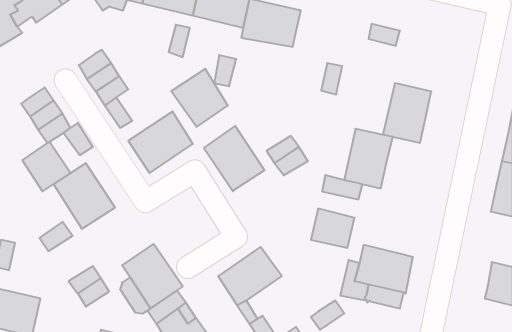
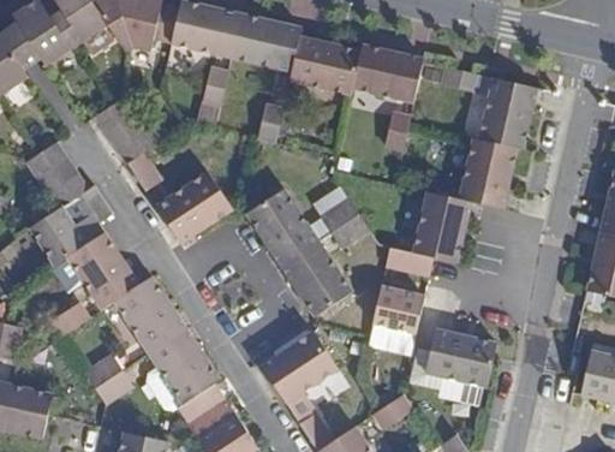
building: none -> [352,44,424,103]
building: none -> [478,77,535,148]
building: [171,69,228,127] -> none
building: none -> [280,240,351,316]
building: none -> [113,276,185,353]

